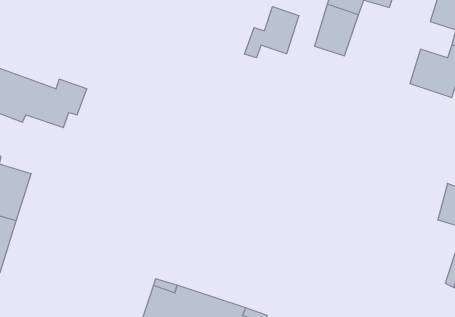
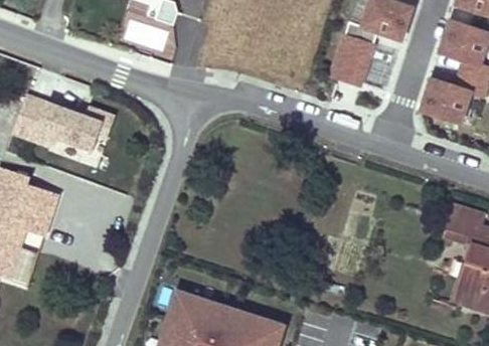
building: [245,7,299,58] -> none

